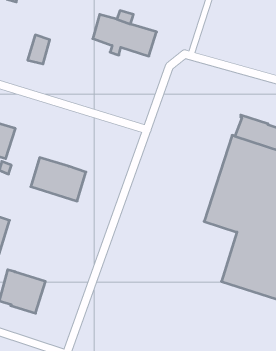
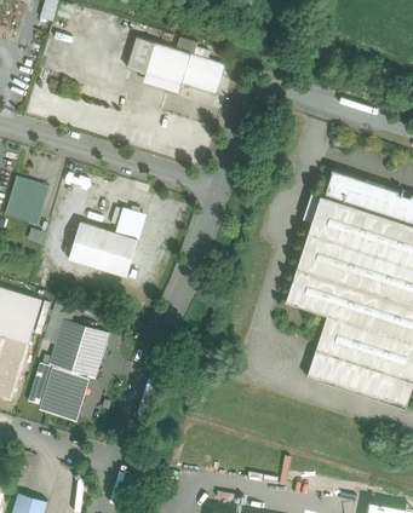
building: [28,35,50,64] -> [126,38,154,74]
building: none -> [115,209,144,241]
building: none -> [48,319,108,380]

